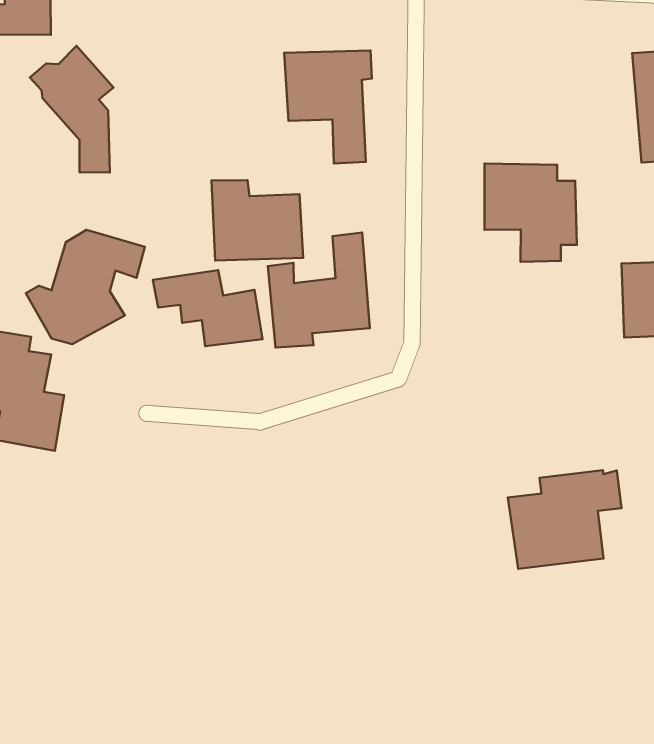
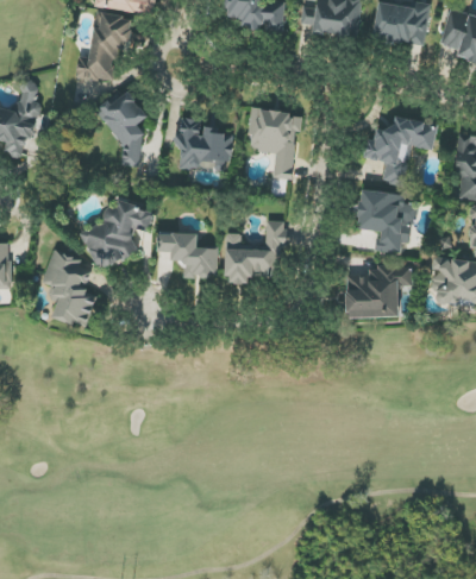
building: none -> [362,115,437,184]
building: [211,180,303,261] -> [176,117,231,169]
building: [508,470,622,569] -> [345,264,412,316]

